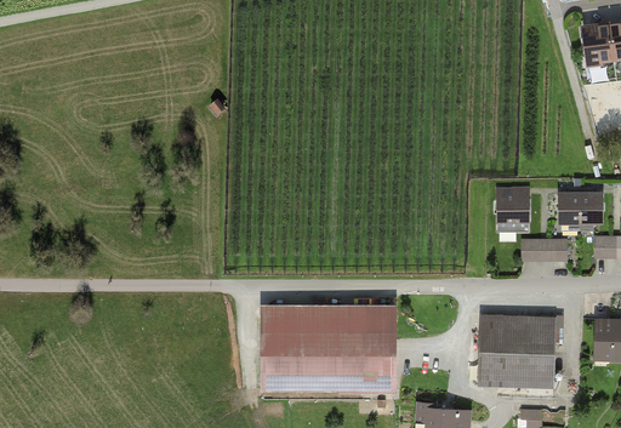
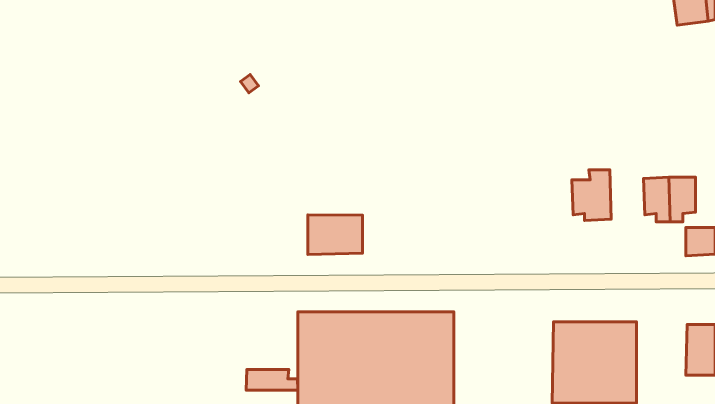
building: none -> [308,215,363,255]
building: [522,236,568,261] -> none
building: none -> [246,369,298,390]

